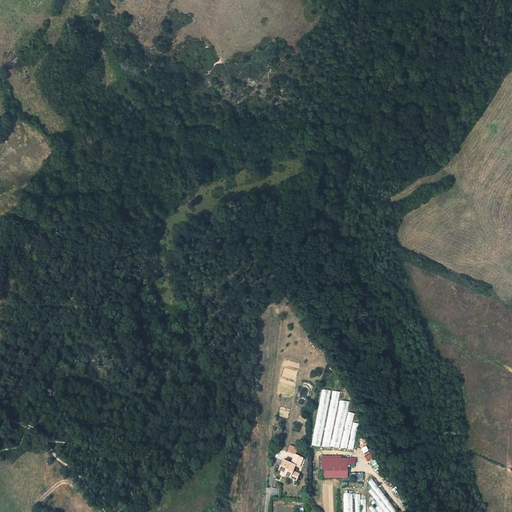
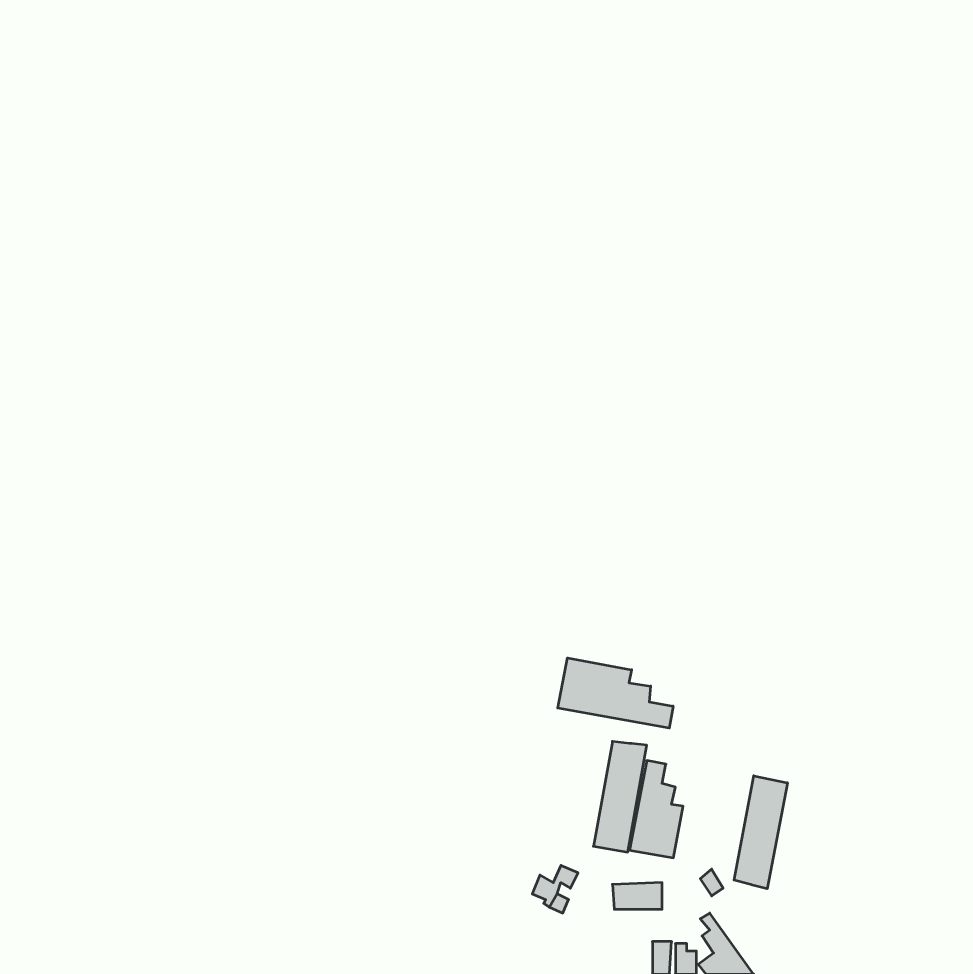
building: none -> [558,658,673,728]
building: none -> [734,776,787,889]

